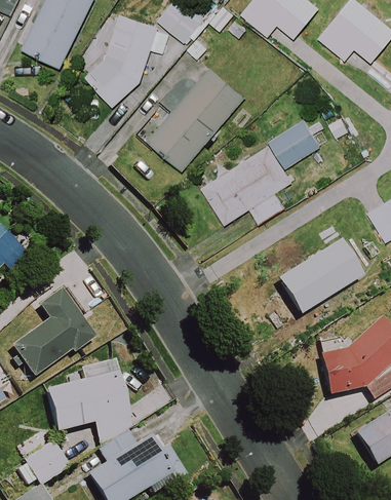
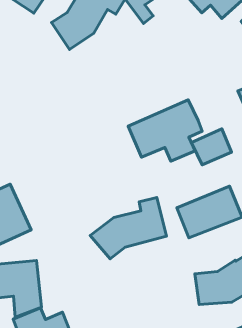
building: [134,66,269,171] -> none
building: [268,120,319,168] -> [191,129,232,165]
building: none -> [90,197,166,259]

